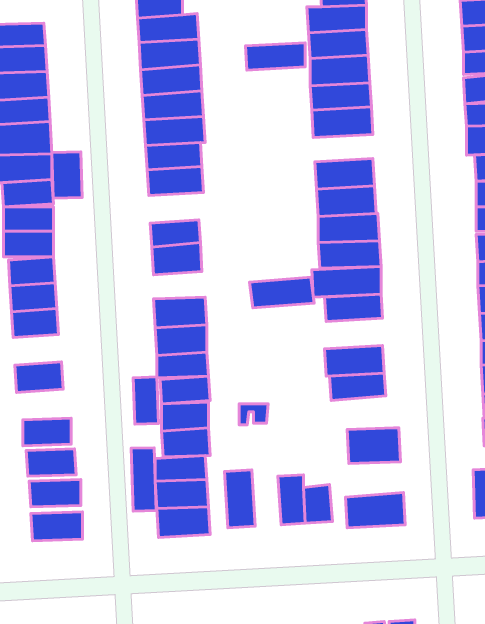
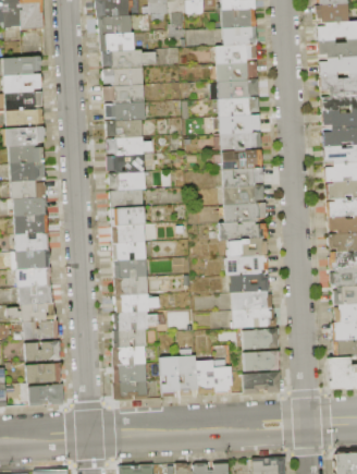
building: [245,43,305,70] -> [219,130,259,148]
building: [52,152,82,198] -> none
building: none -> [108,169,146,190]
building: none -> [111,222,146,241]
building: [249,277,314,308] -> [224,254,268,275]
building: none -> [15,266,49,285]
building: [133,377,158,424] -> none
building: none -> [20,302,54,323]
building: none -> [231,307,273,329]
building: [131,448,156,511] -> none
building: none -> [243,351,278,370]
building: none -> [177,355,197,394]

